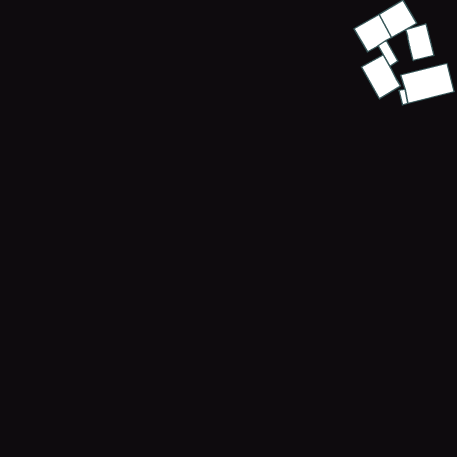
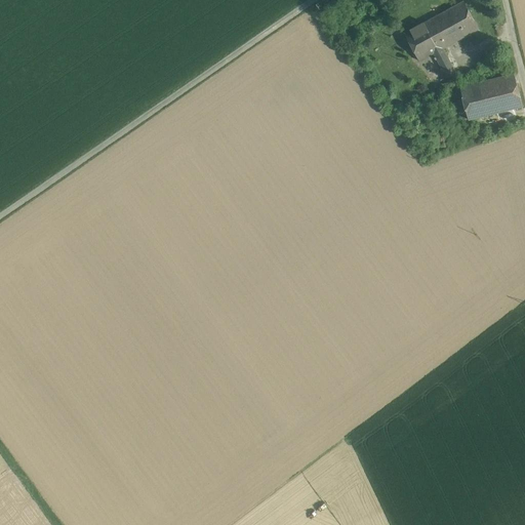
building: [406,24,434,61] -> none
building: [361,55,400,99] -> none

